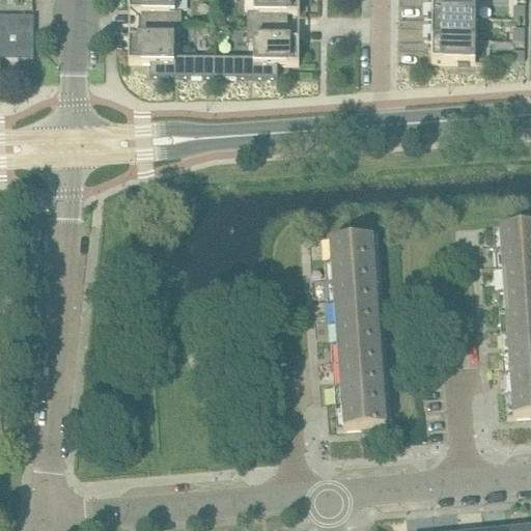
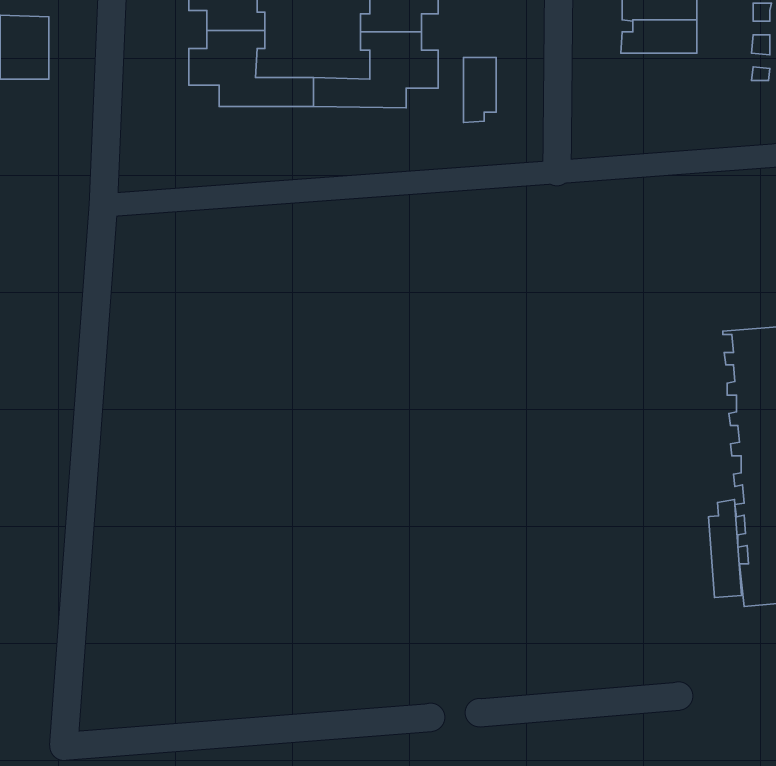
building: [424,36,492,59] -> none
building: none -> [463,58,496,123]
building: [324,235,392,429] -> none
building: none -> [709,499,741,597]

